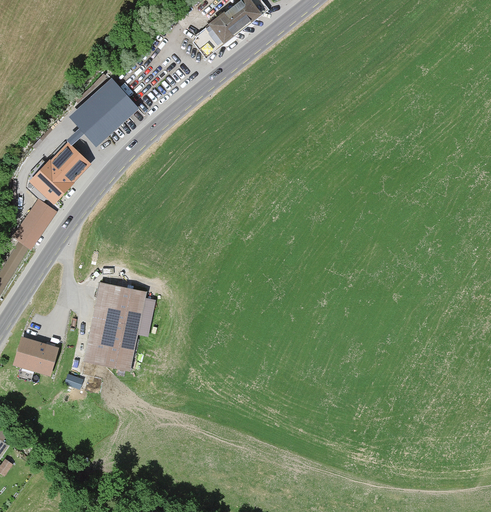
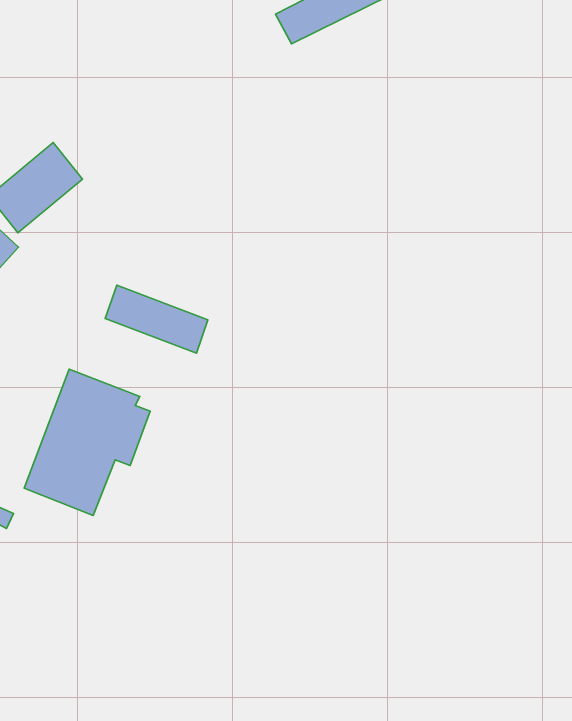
building: [67,77,139,145] -> none
building: none -> [105,285,208,353]

